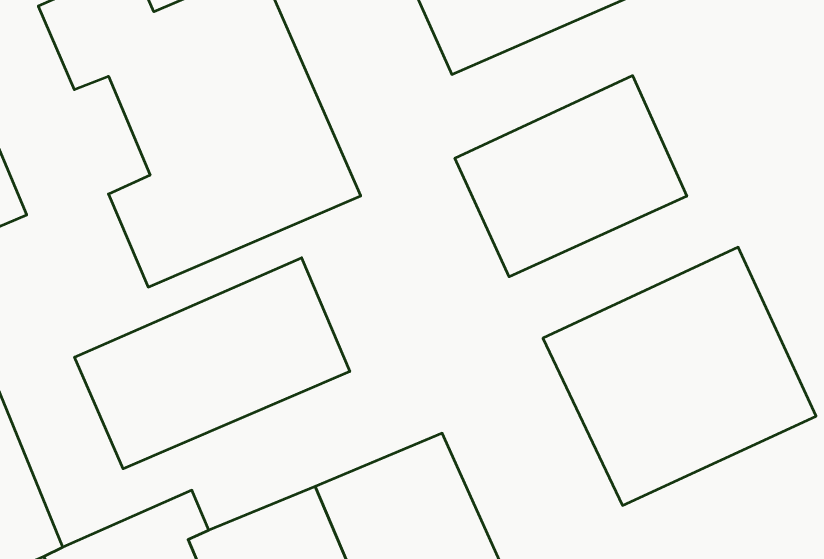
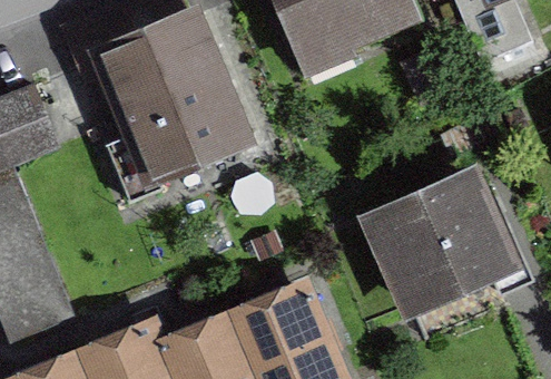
building: [455,76,687,277] -> none
building: [75,258,350,469] -> none

